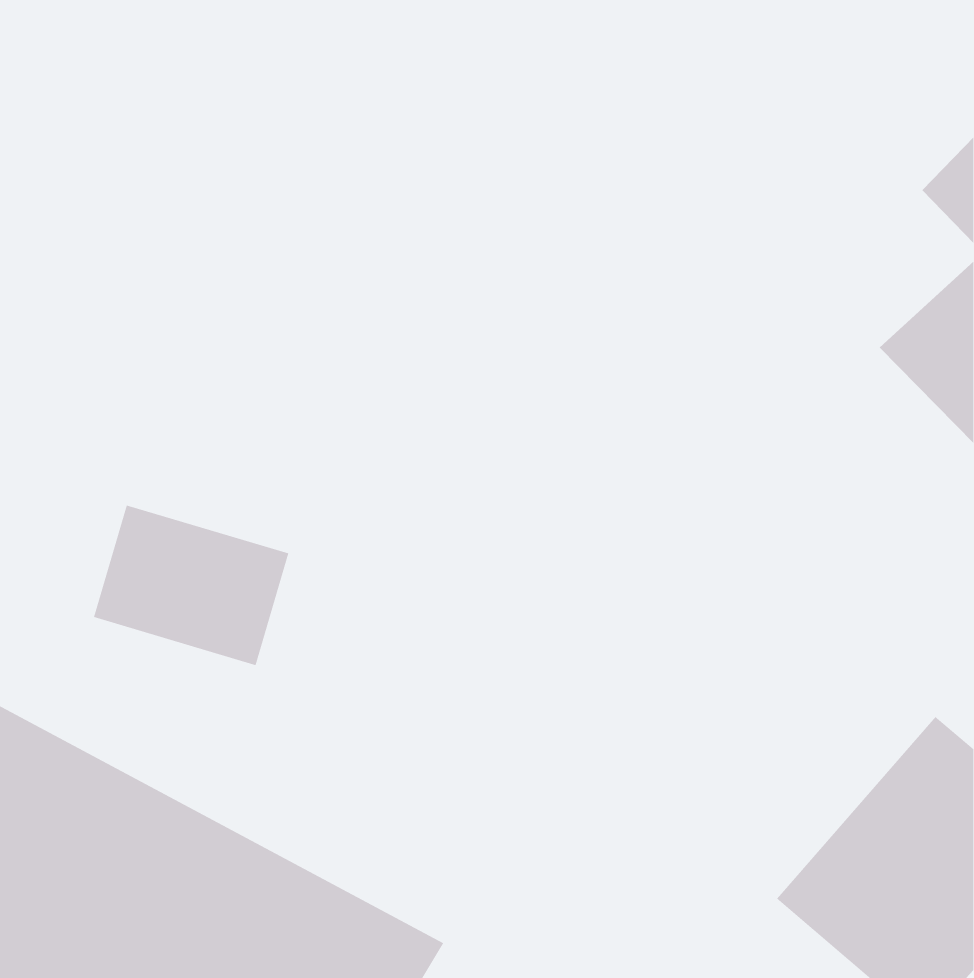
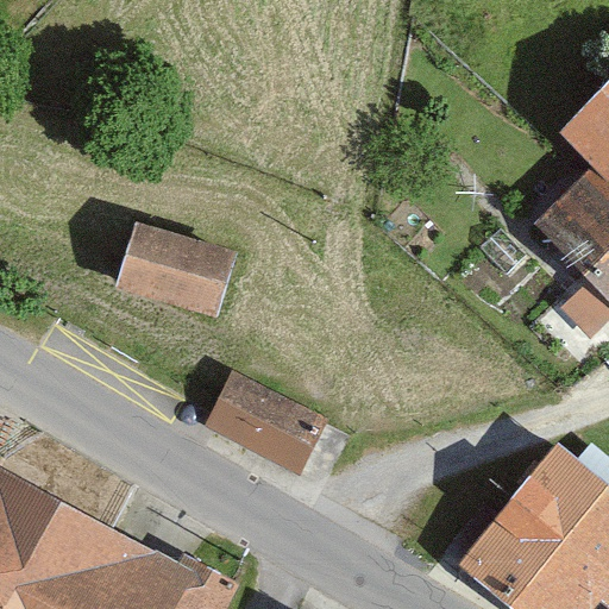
building: [93,505,289,666] -> [113,224,233,322]
building: none -> [200,379,324,482]

